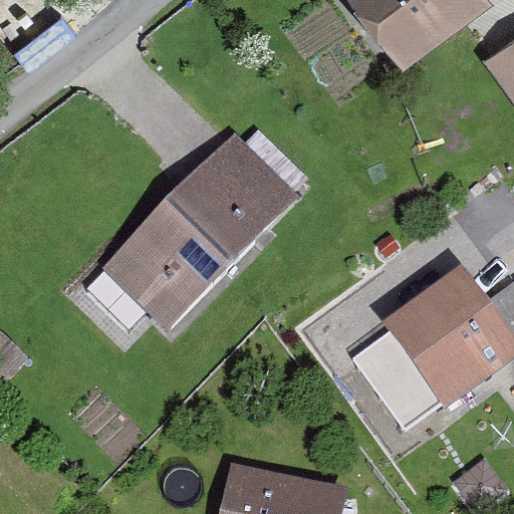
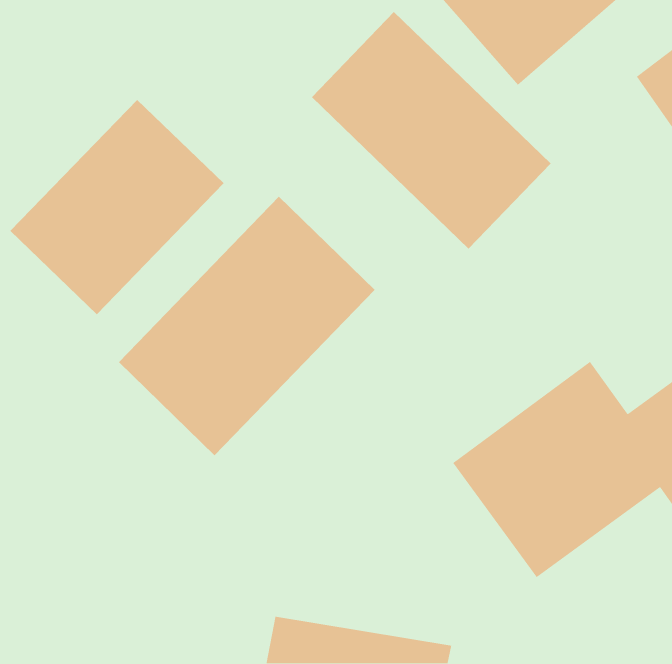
building: none -> [311,11,551,249]
building: none -> [10,99,225,315]

